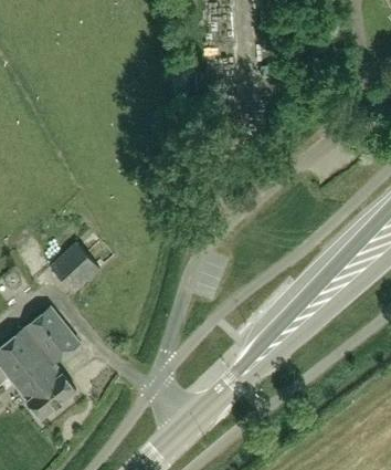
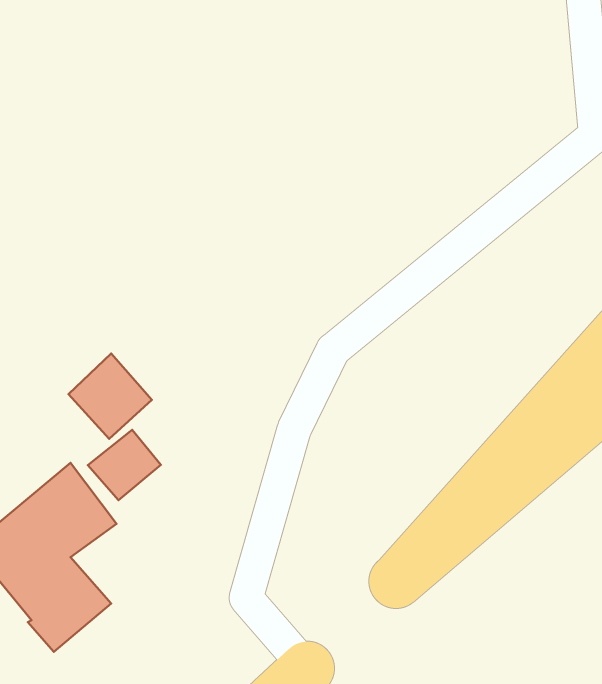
building: none -> [88,430,161,500]

